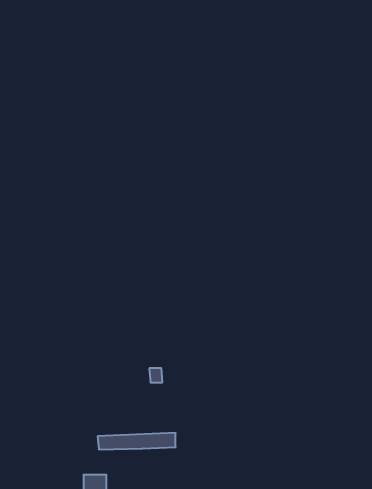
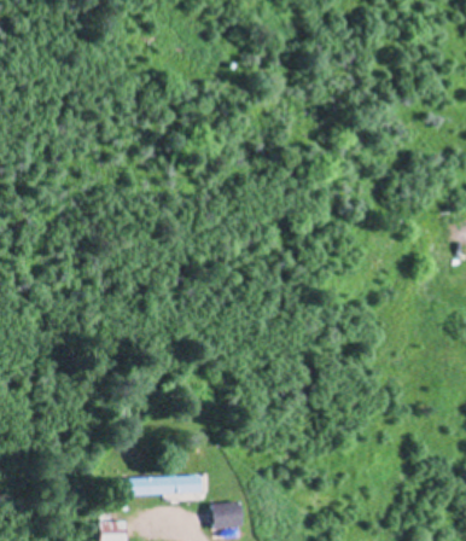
building: none -> [212,504,244,530]

